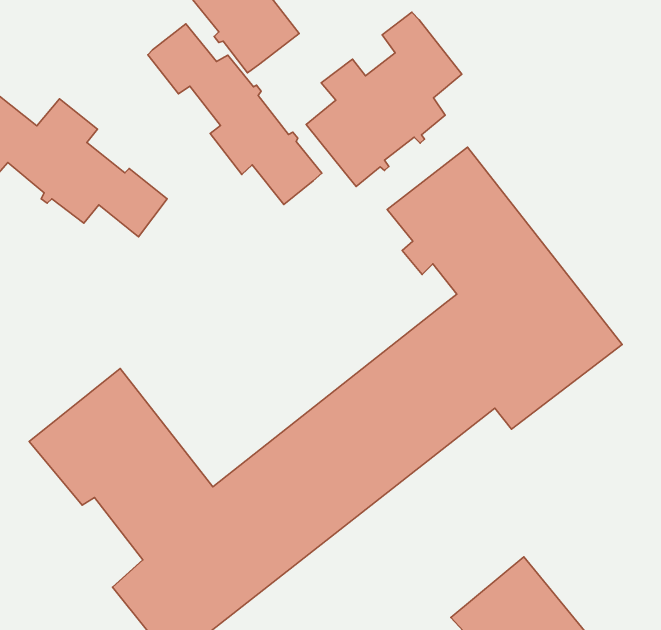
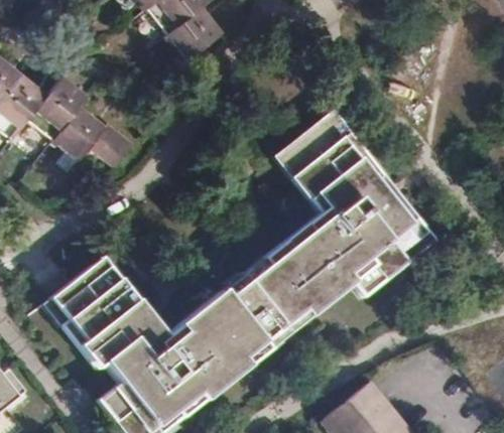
building: [306,12,462,187] -> none
building: [148,24,322,204] -> none

